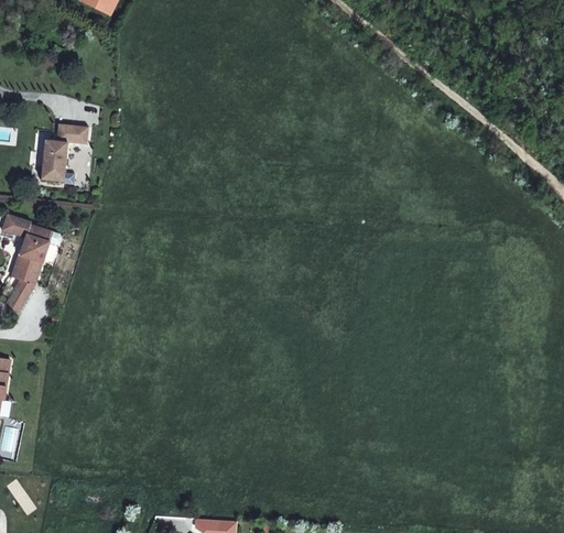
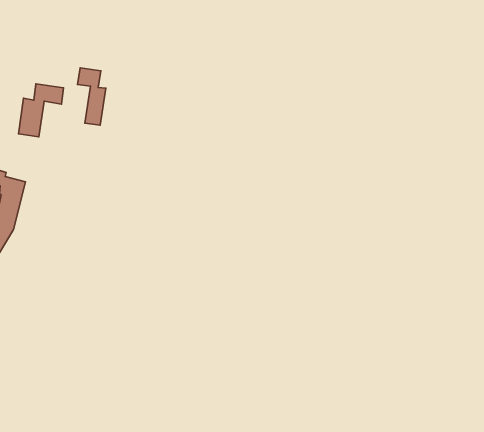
building: none -> [77,68,106,125]

